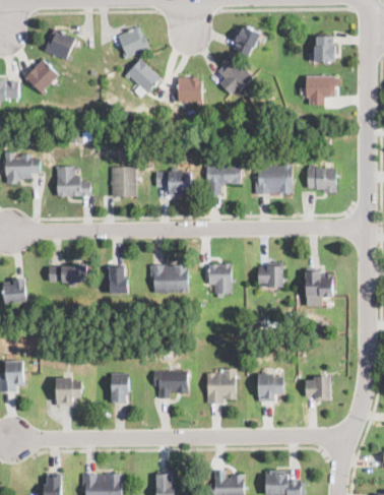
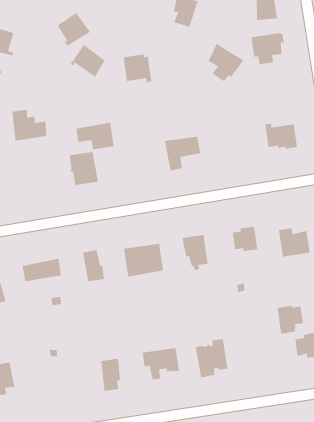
building: [217,55,253,95] -> [208,43,244,82]
building: [255,165,293,194] -> none
building: [57,166,90,195] -> [11,109,47,141]
building: [155,172,191,196] -> [76,122,115,150]
building: [259,374,283,400] -> [277,305,304,334]
building: [57,377,81,405] -> none

